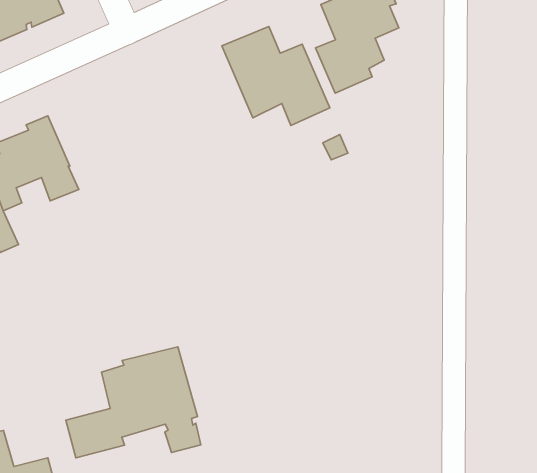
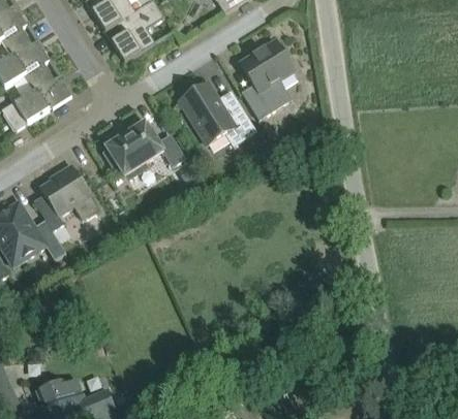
building: none -> [103,121,184,174]
building: [66,347,201,458] -> none

